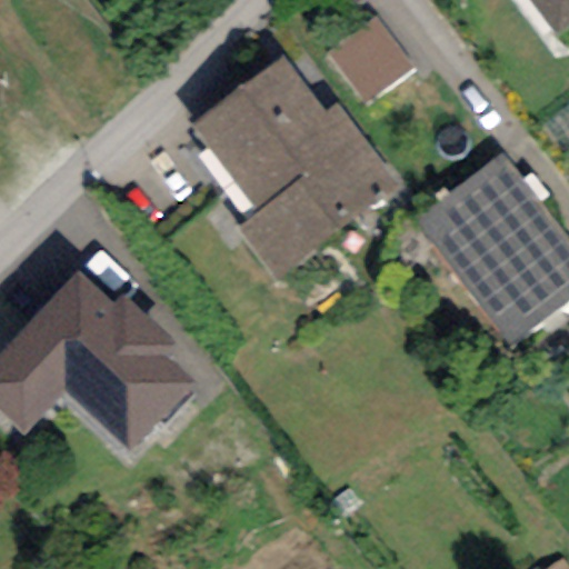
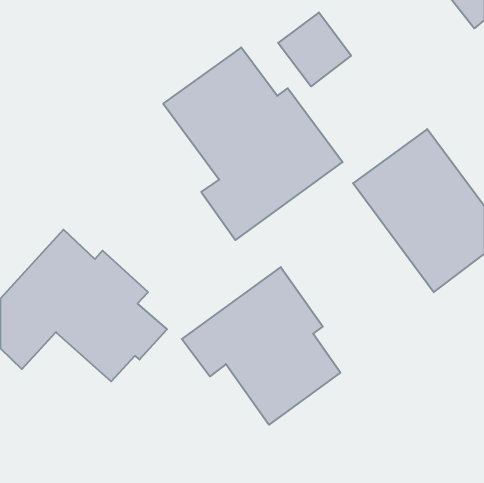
building: none -> [182,267,340,425]

